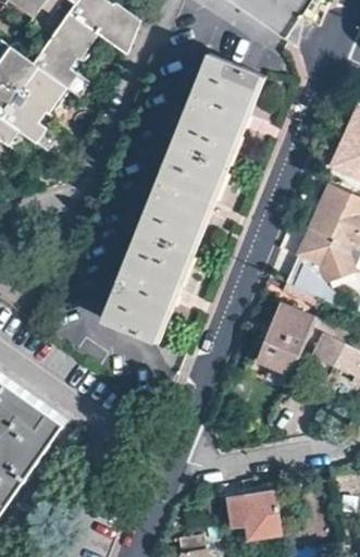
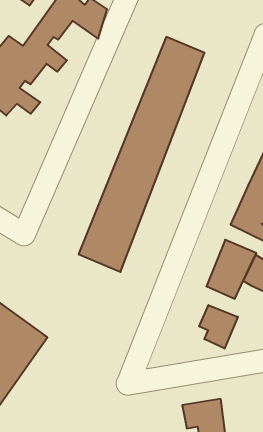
building: none -> [199,305,238,349]

